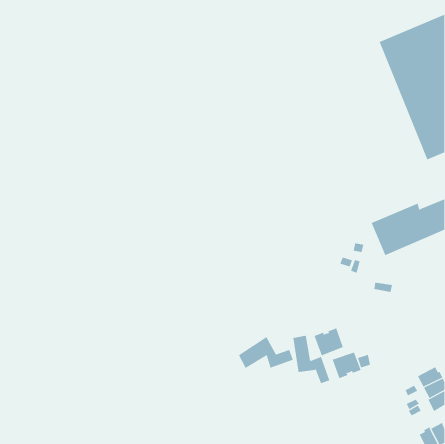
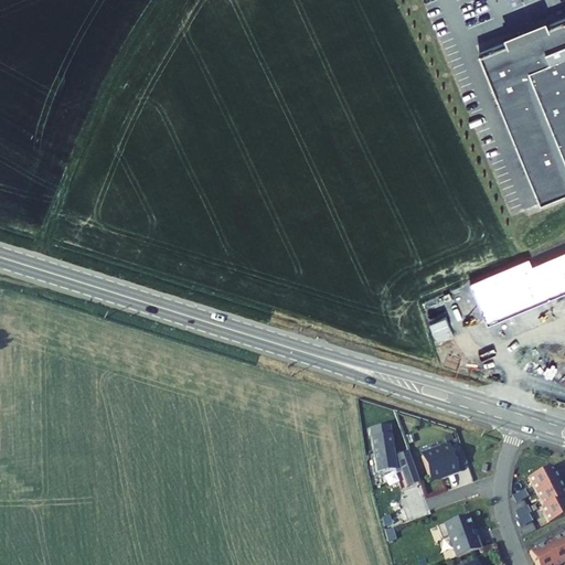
building: [314,328,344,356] -> none
building: [238,336,293,369] -> none
building: none -> [436,514,482,556]

